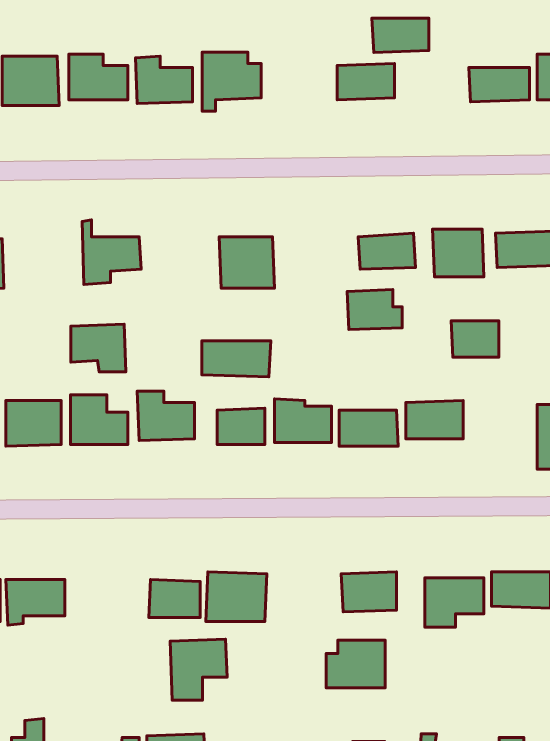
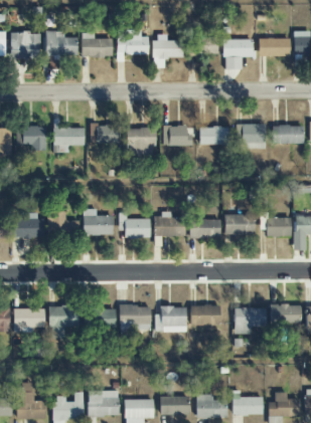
building: [372,18,429,53] -> [222,39,253,57]
building: none -> [152,40,183,67]
building: none -> [90,124,119,144]
building: [347,290,402,330] -> [163,125,192,146]
building: [451,321,499,357] -> [266,217,291,236]
building: [71,324,126,372] -> [17,126,46,151]
building: [202,341,271,377] -> none
building: [170,639,227,700] -> [48,305,79,338]
building: [326,640,385,688] -> [155,306,186,332]

